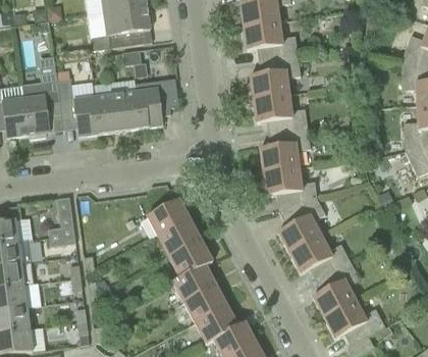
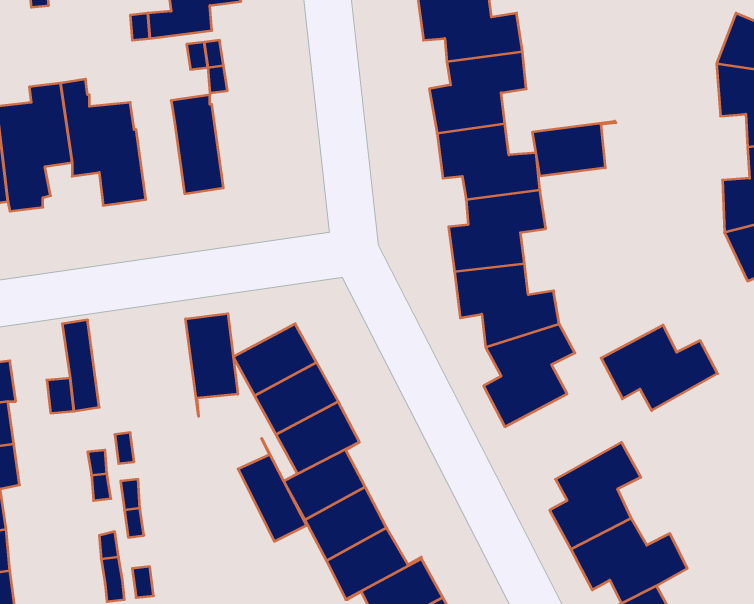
building: [136,79,179,128] -> none
building: none -> [533,121,616,176]
building: [96,94,121,134] -> none
building: none -> [186,314,238,416]
building: [289,236,351,280] -> [601,325,718,411]
building: none -> [238,438,306,541]

